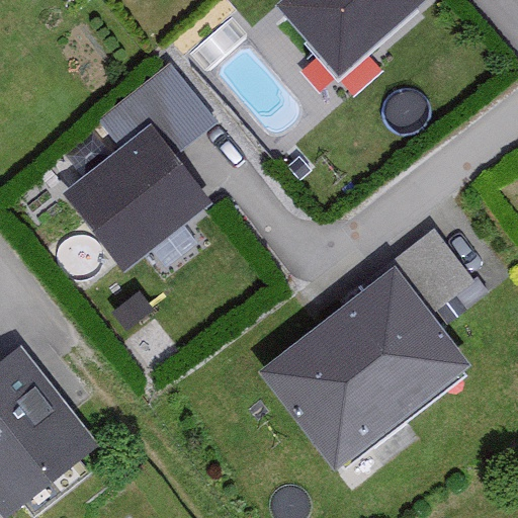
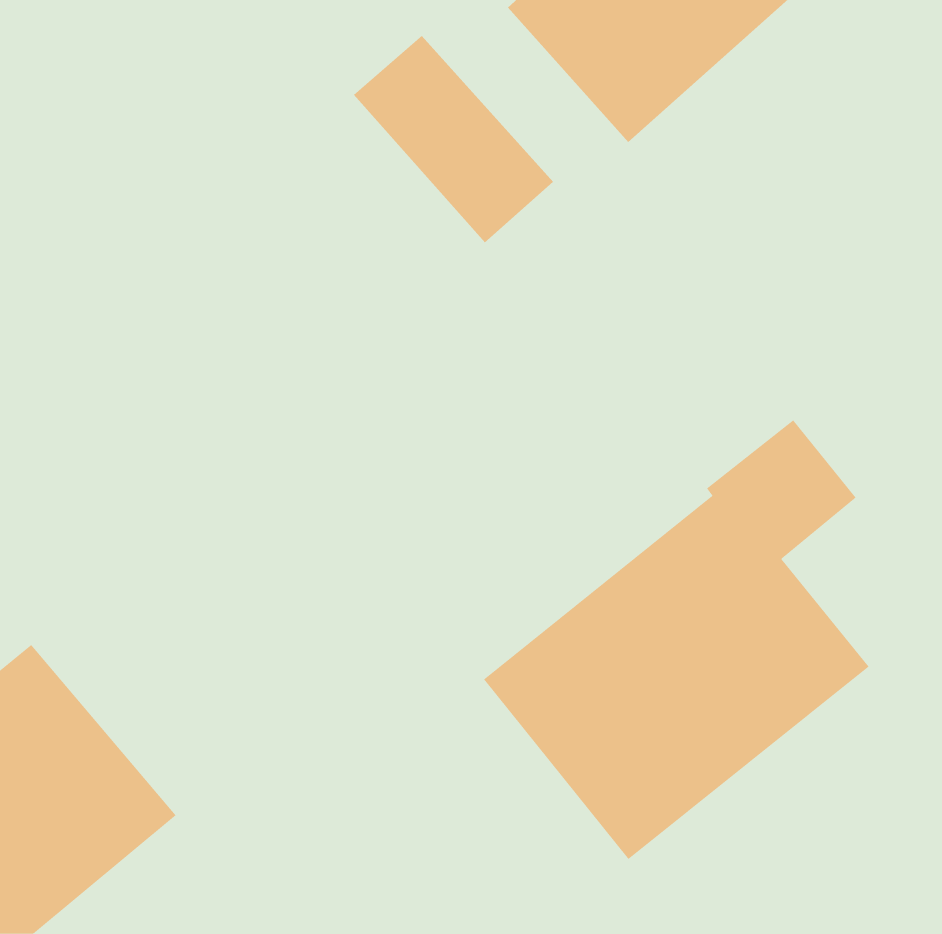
building: [61,64,213,270] -> none

